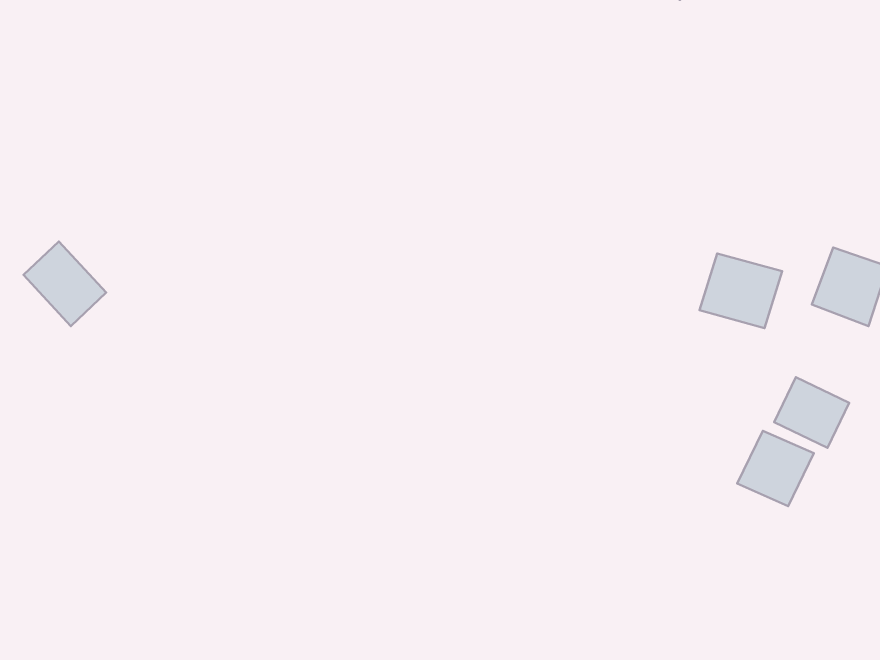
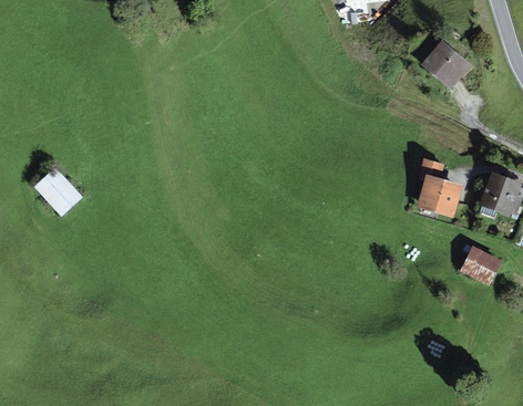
building: none -> [420,39,472,89]
building: [737,431,814,506] -> none

